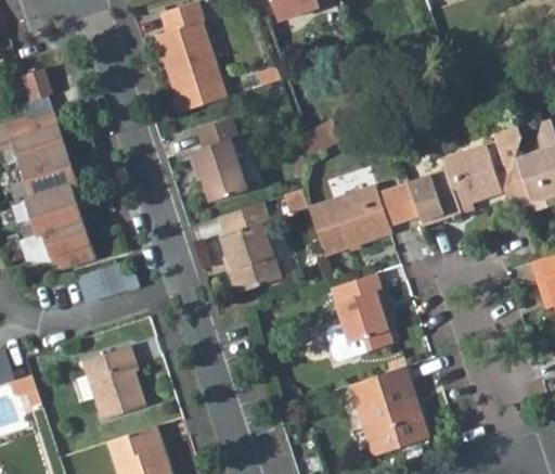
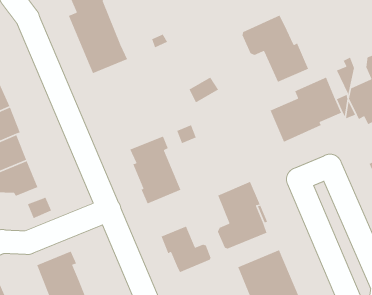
building: none -> [242,15,309,83]
building: [191,115,245,198] -> none
building: [311,192,413,268] -> none
building: none -> [160,226,212,273]

